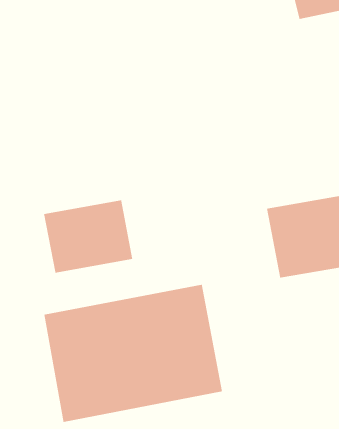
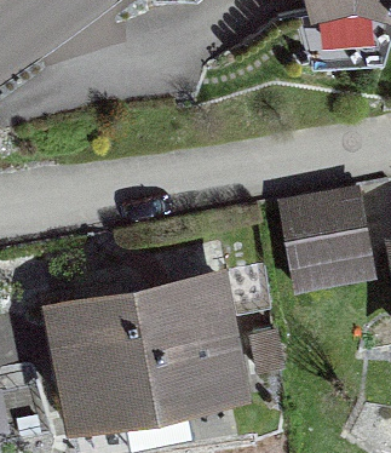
building: [44,200,133,273] -> none

